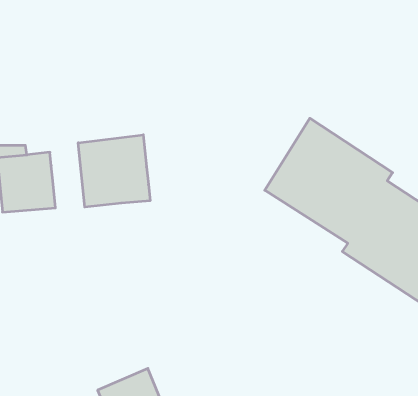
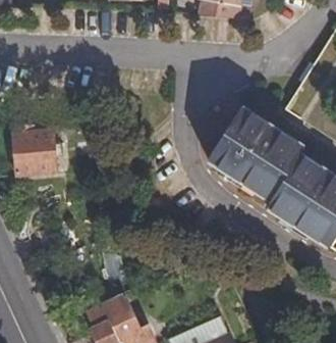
building: [78,135,150,207] -> none

